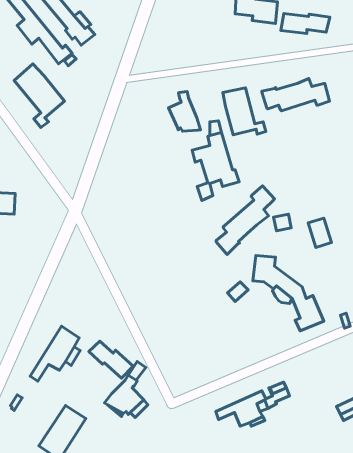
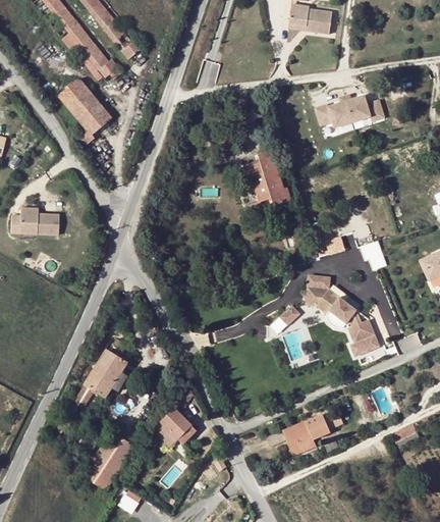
building: [281,13,330,34] -> none
building: [223,88,266,135] -> none
building: [168,92,201,131] -> none
building: [216,186,274,254] -> none
building: [89,341,133,378] -> none

